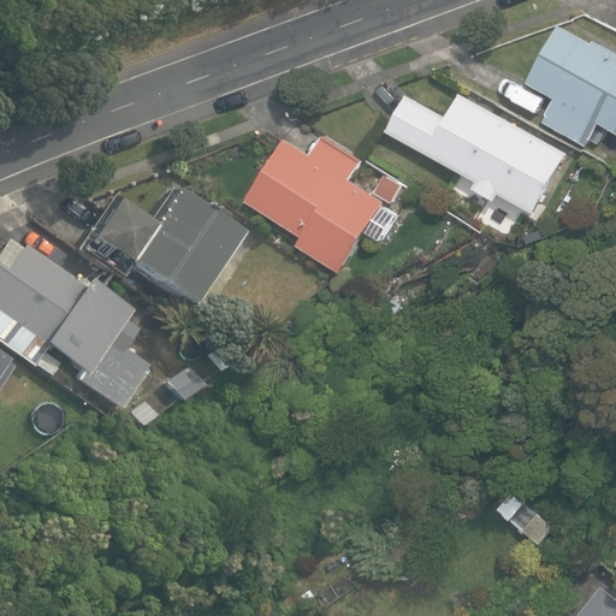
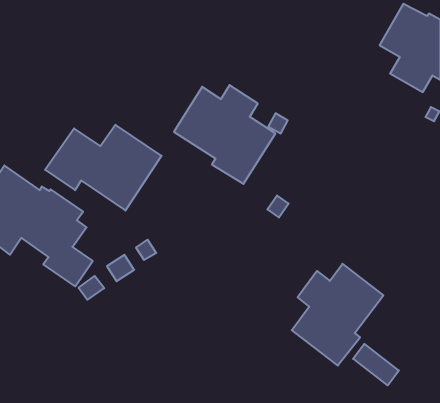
building: [387,94,568,213] -> none
building: none -> [292,264,383,366]

